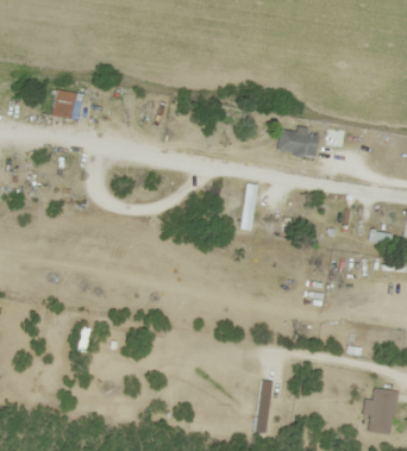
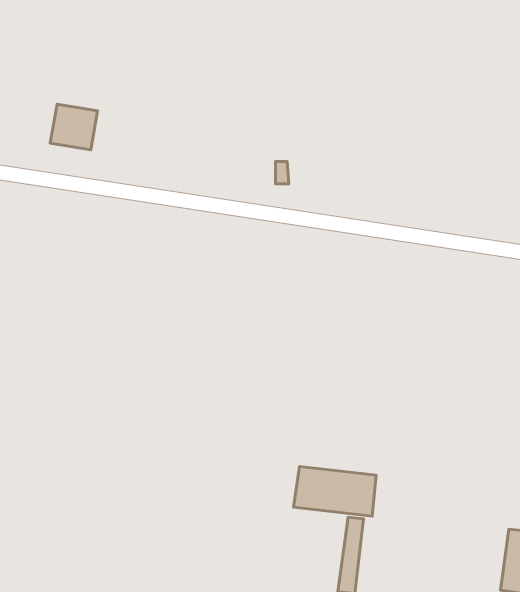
building: [277,126,320,157] -> none
building: none -> [293,467,376,516]

